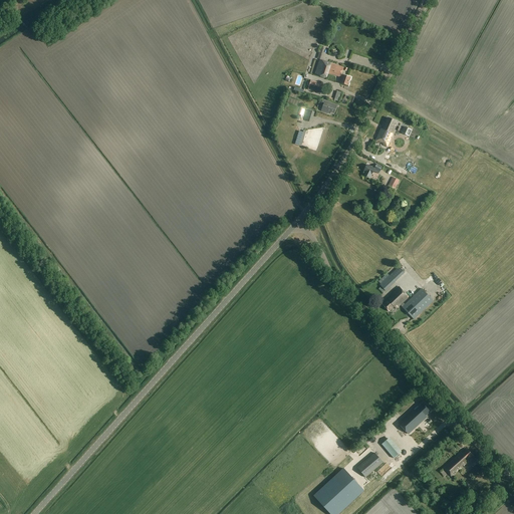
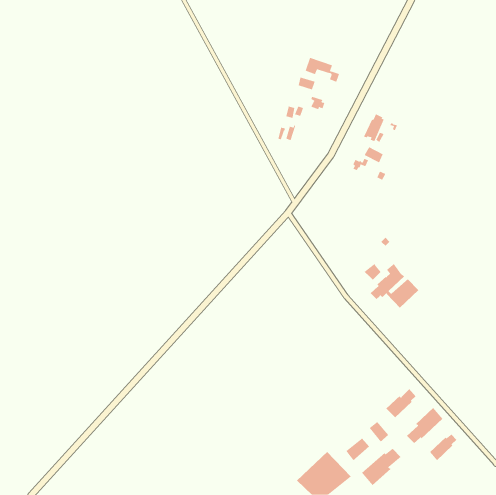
building: none -> [406,407,443,444]
building: none -> [361,448,401,486]

